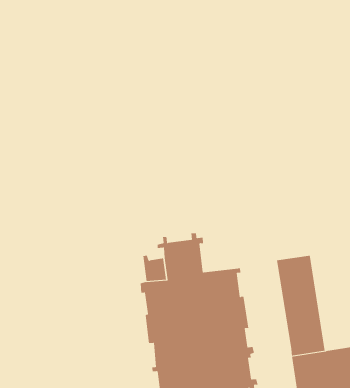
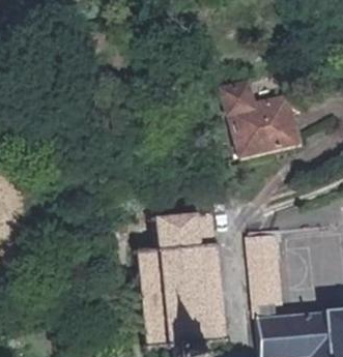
building: none -> [218,82,296,158]
building: none -> [187,211,219,241]

